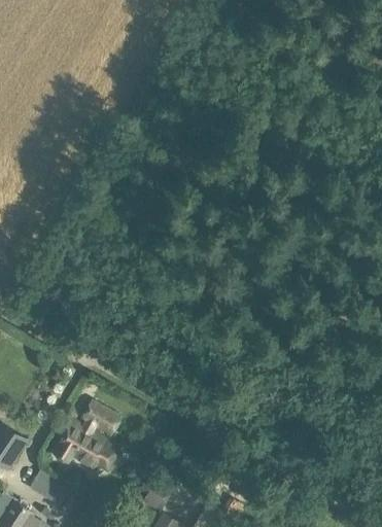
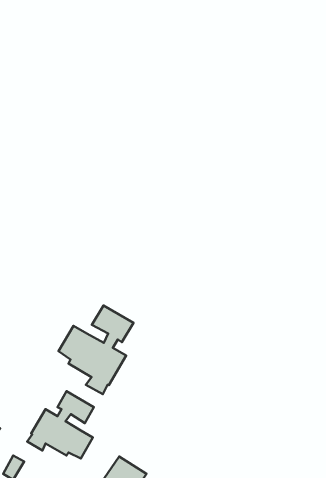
building: none -> [58,306,134,394]

